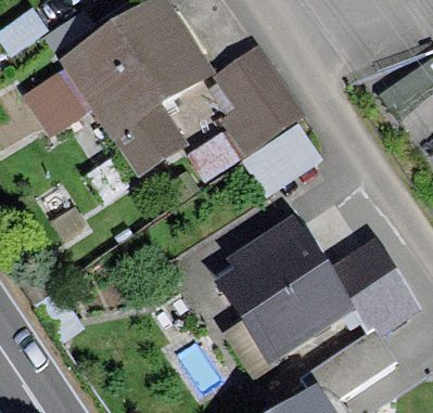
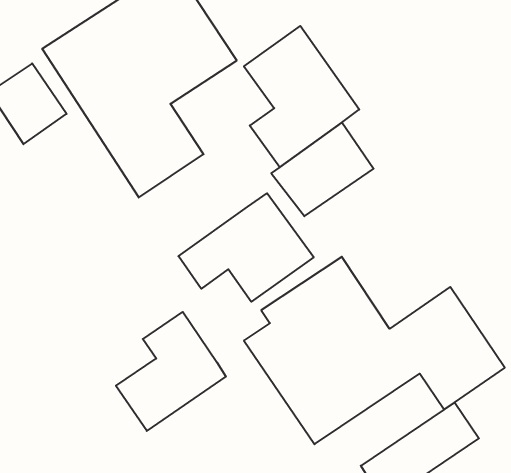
building: none -> [178,193,314,302]
building: none -> [116,312,226,431]

